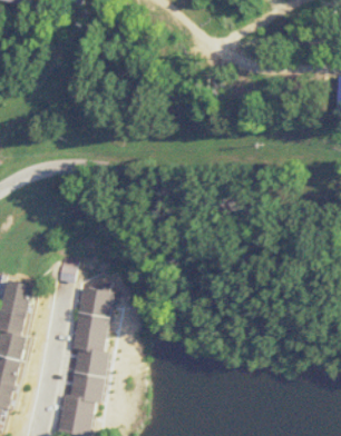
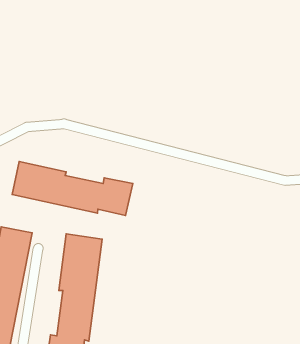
building: none -> [12,161,133,215]

